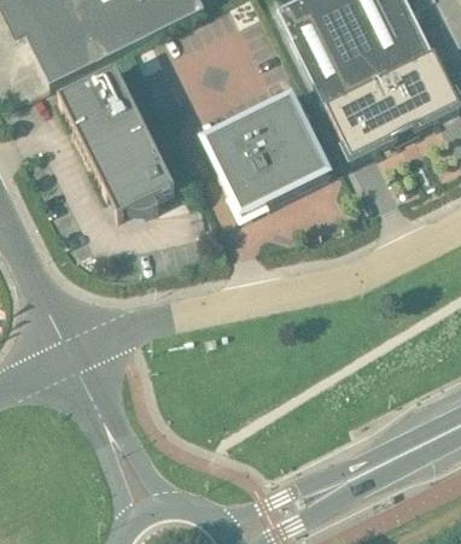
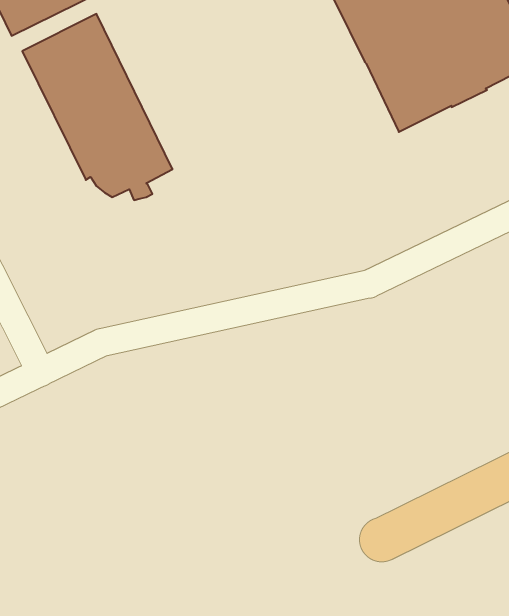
building: [208,96,327,211] -> none

